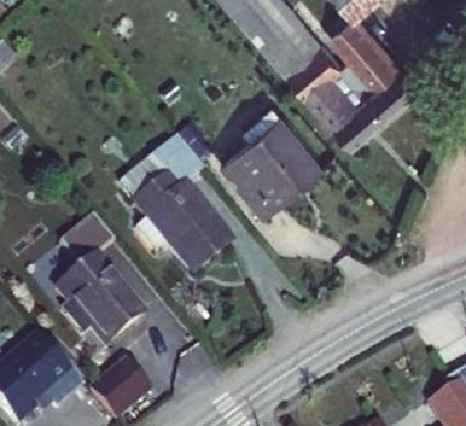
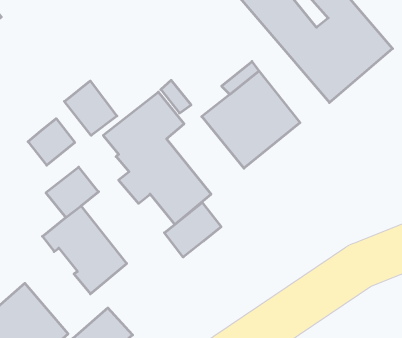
building: none -> [64,81,117,135]
building: none -> [28,119,75,165]
building: none -> [164,203,221,257]

